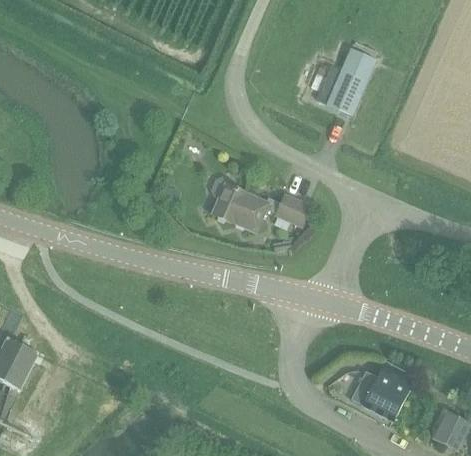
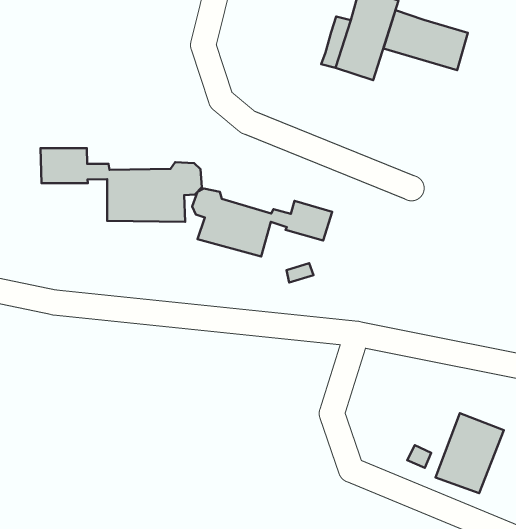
building: none -> [384,10,468,70]
building: none -> [40,148,202,222]

